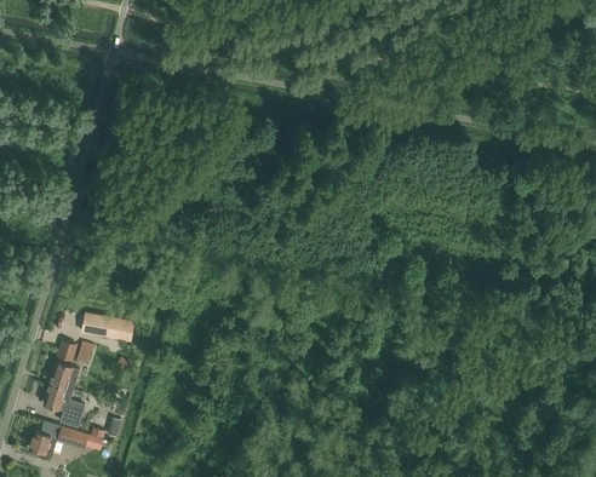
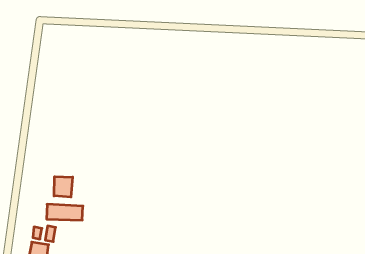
building: none -> [54,177,73,197]

